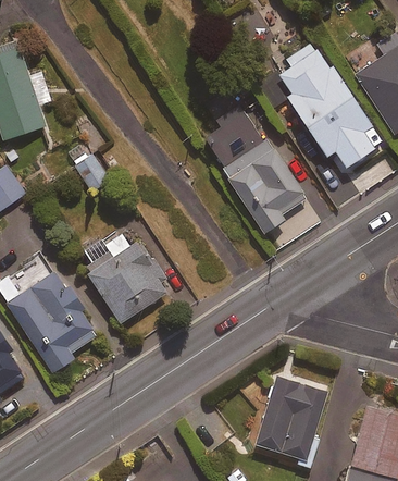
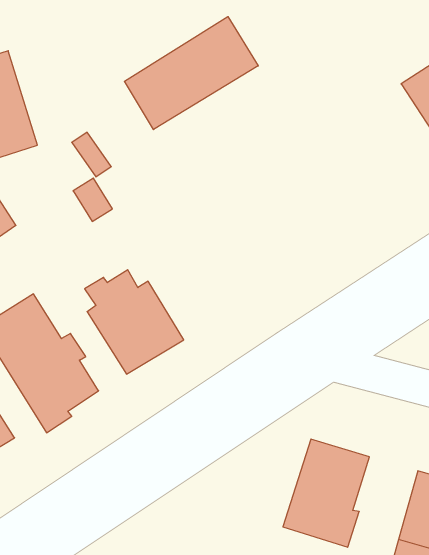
building: none -> [124,17,258,130]
building: [281,42,373,166] -> none
building: [209,104,309,233] -> none

